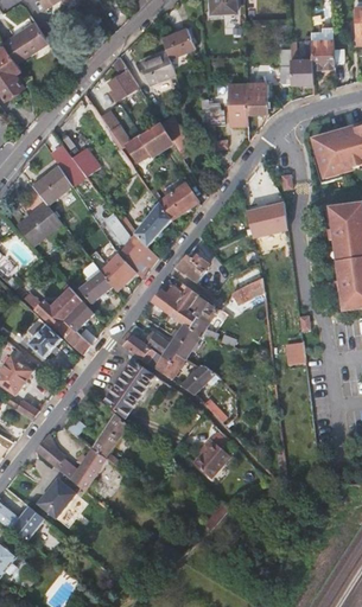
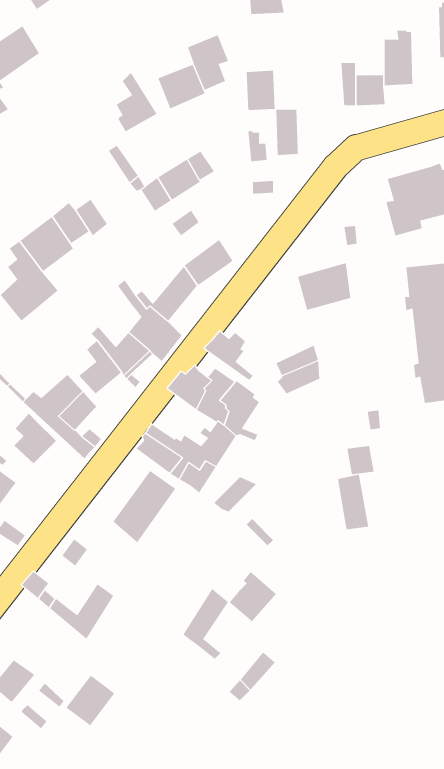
building: [246,83,268,114] -> [246,70,275,111]
building: none -> [337,474,369,530]
building: [93,411,128,466] -> [182,588,229,659]
building: [39,477,77,516] -> [66,675,115,726]

